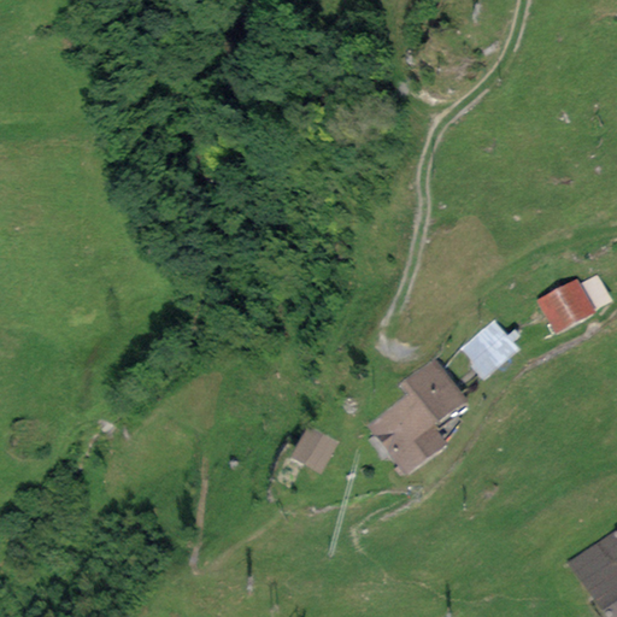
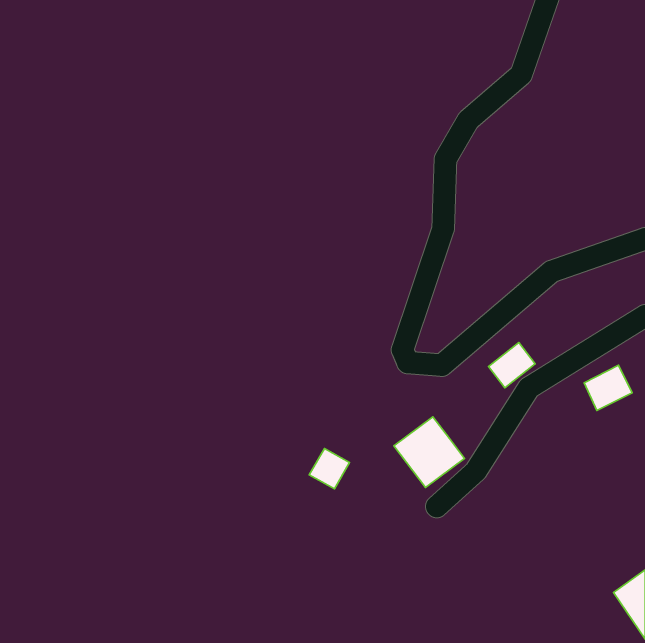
building: [543,283,589,327] -> [584,365,632,411]
building: [405,364,458,418] -> none

